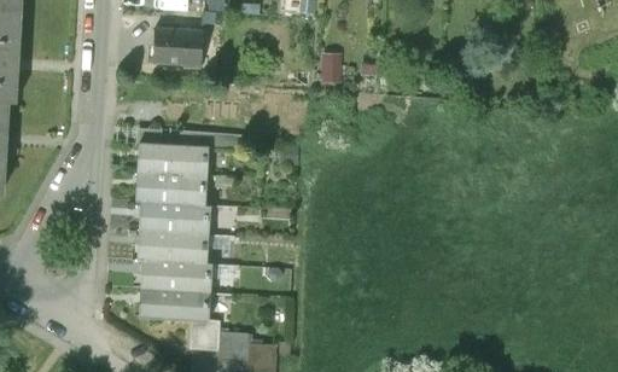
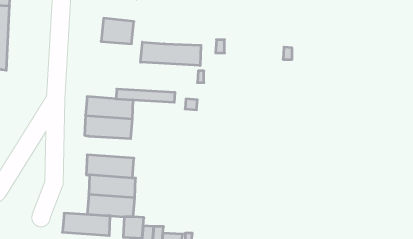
building: none -> [141,42,201,66]
building: [136,200,206,233] -> [62,213,110,236]

